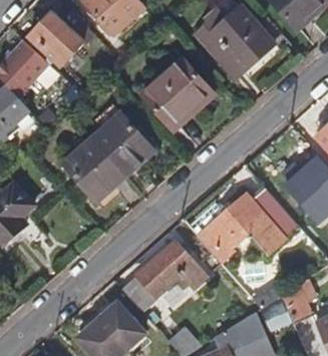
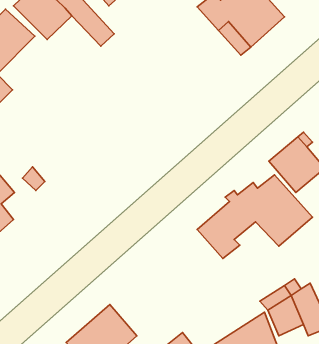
building: [142,60,216,131] -> none
building: [65,112,153,200] -> none
building: [119,244,205,308] -> none

